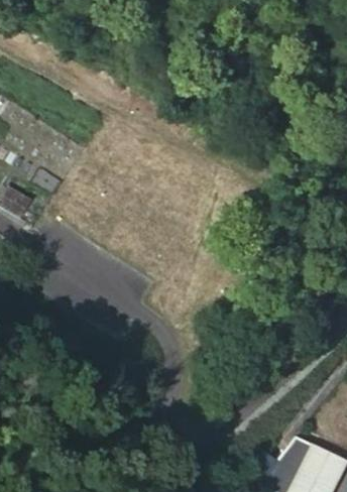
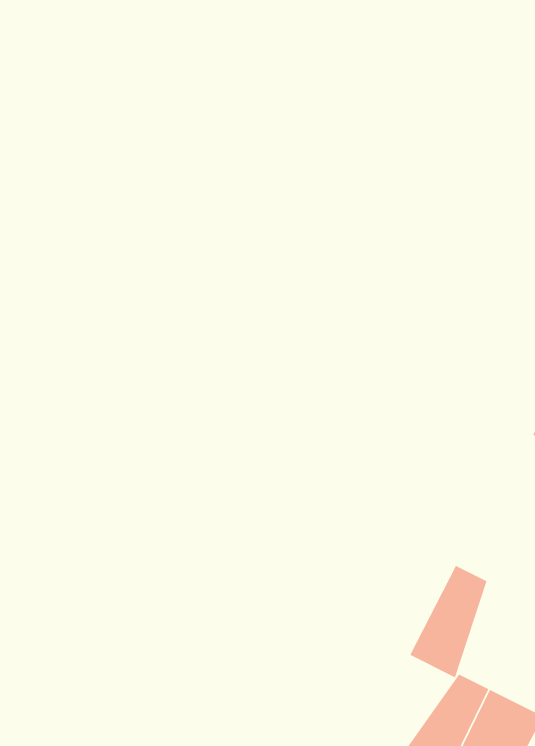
building: none -> [409,565,487,678]

